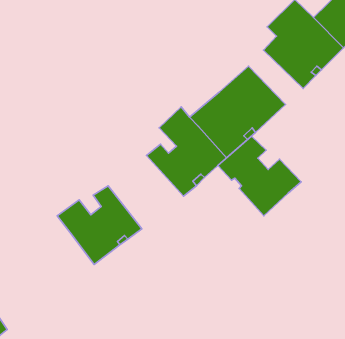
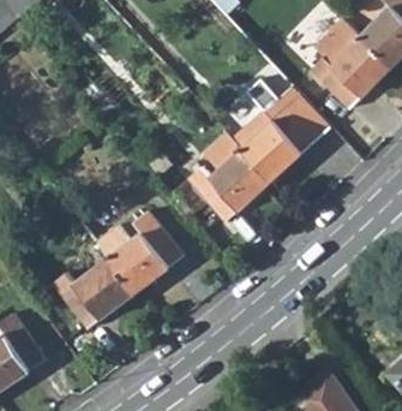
building: [218,136,301,216] -> none
building: none -> [52,260,133,329]

